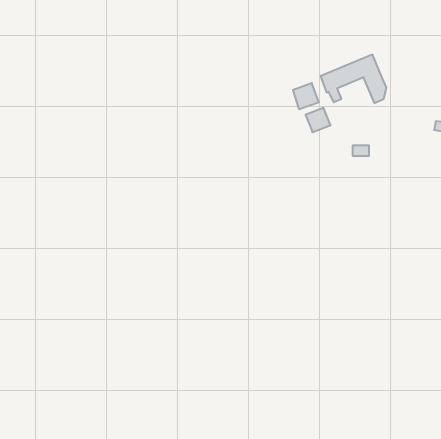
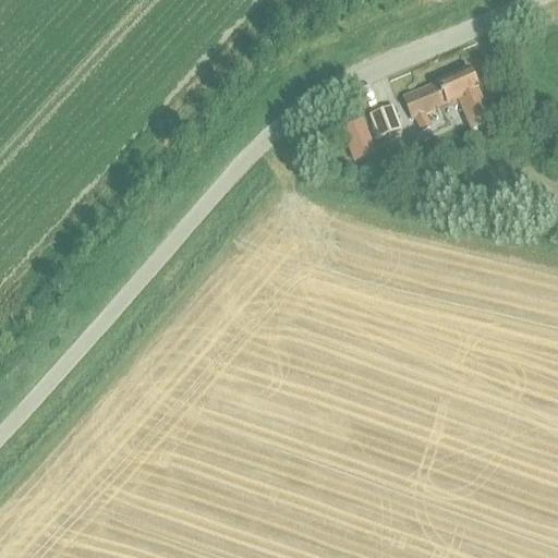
building: [305,108,331,132] -> [341,118,373,148]

